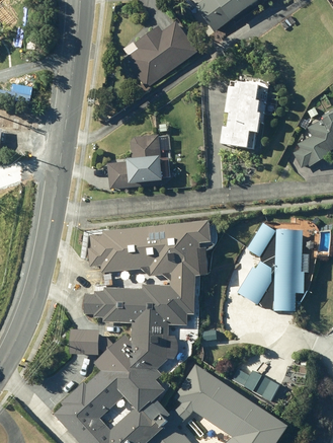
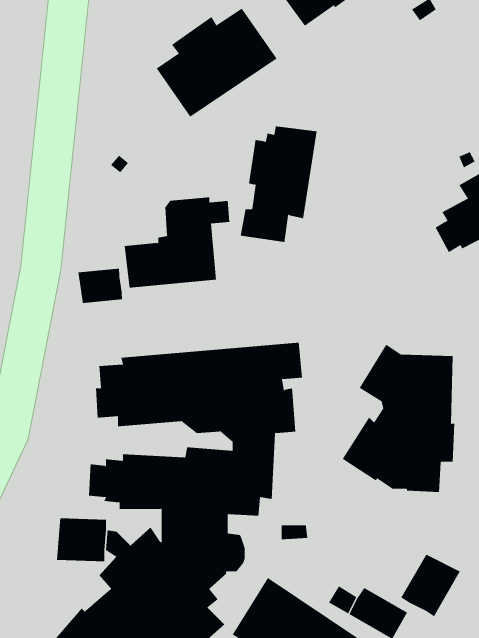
building: [223,78,269,148] -> [240,126,317,243]
building: none -> [78,268,123,304]
building: none -> [401,554,461,617]

